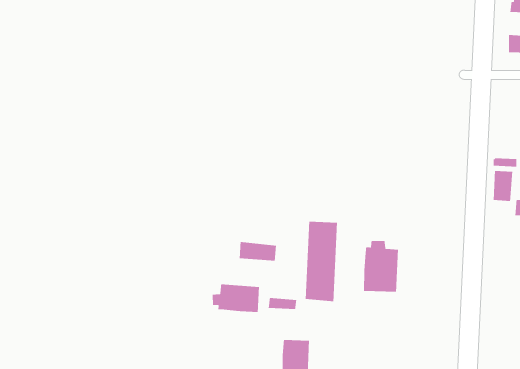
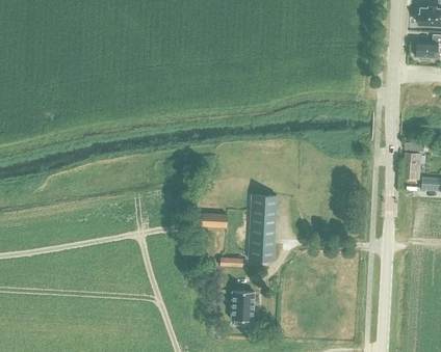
building: [363,240,399,293] -> none
building: [212,284,260,313] -> none

